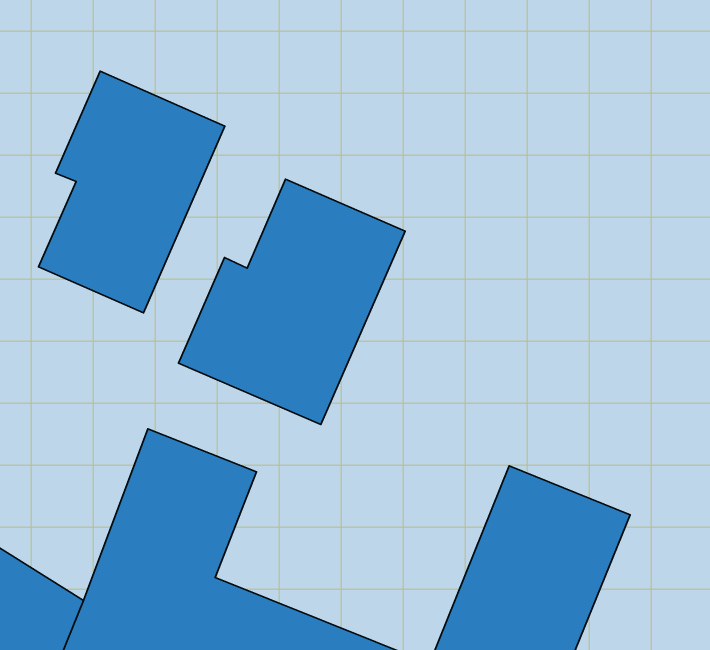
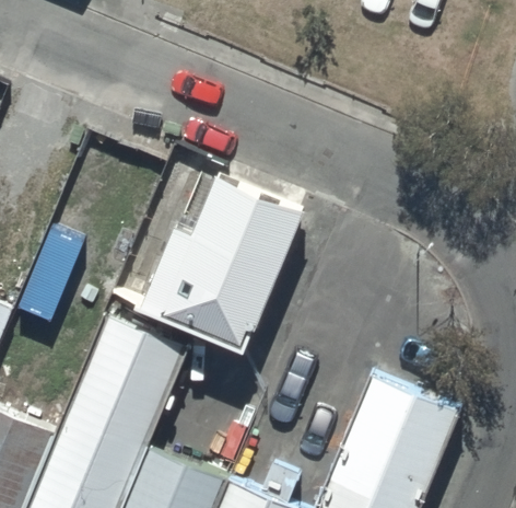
building: [39,71,225,313] -> none

